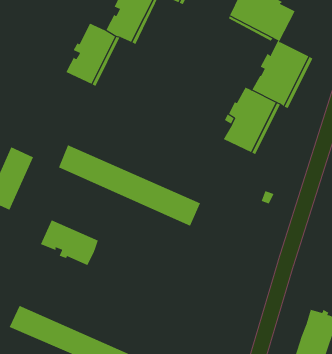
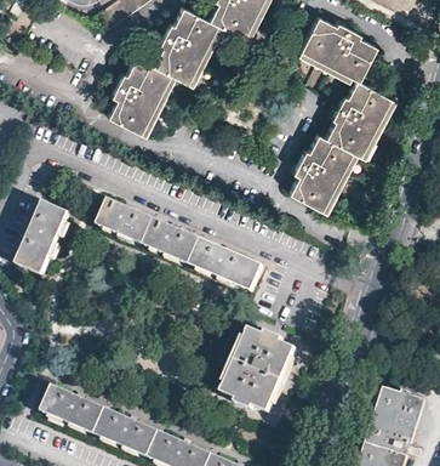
building: [40,219,99,266] -> none
building: none -> [221,329,296,414]

